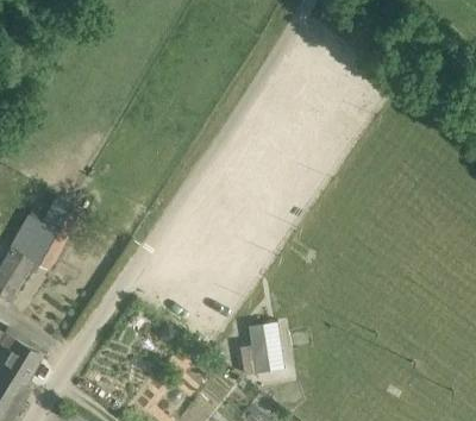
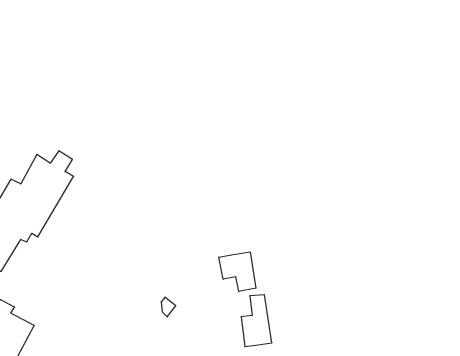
building: none -> [219,252,256,292]

